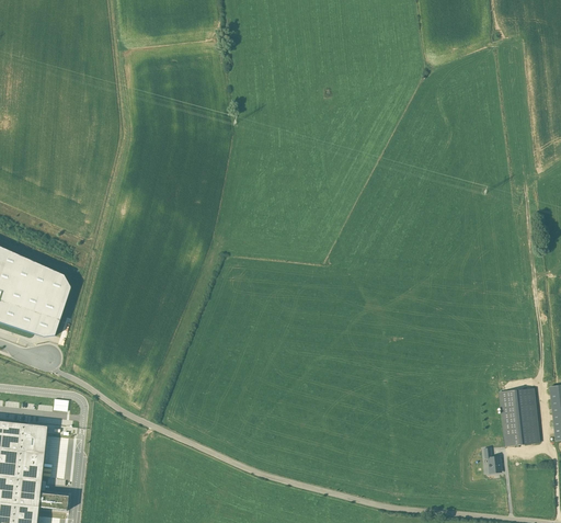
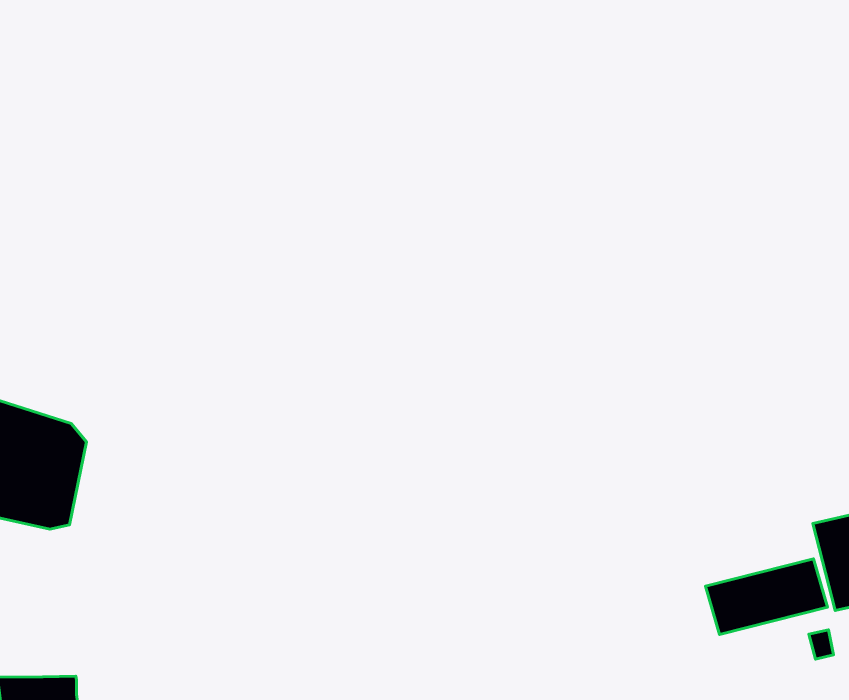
building: none -> [706,559,828,634]

